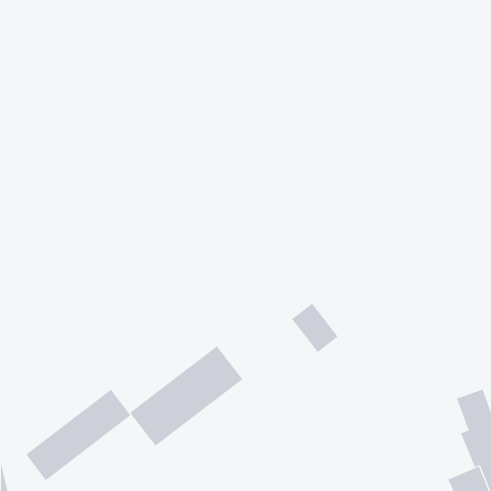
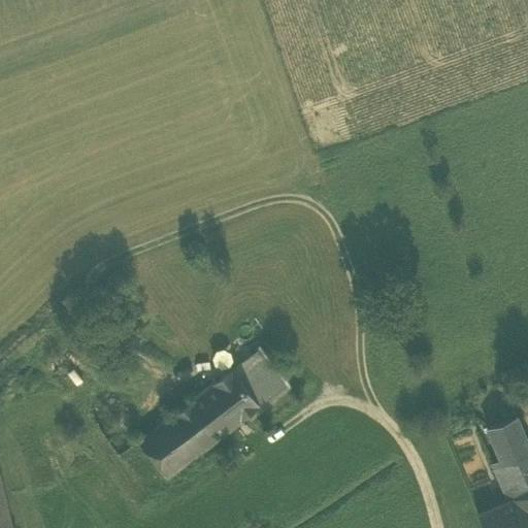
building: [291,303,339,353] -> [234,354,285,407]
building: [25,389,131,481] -> none

